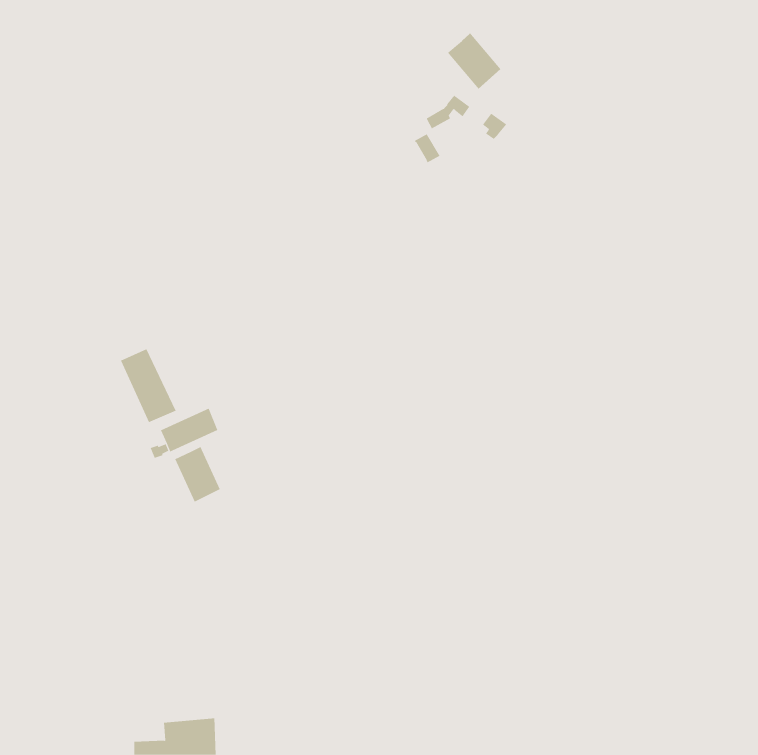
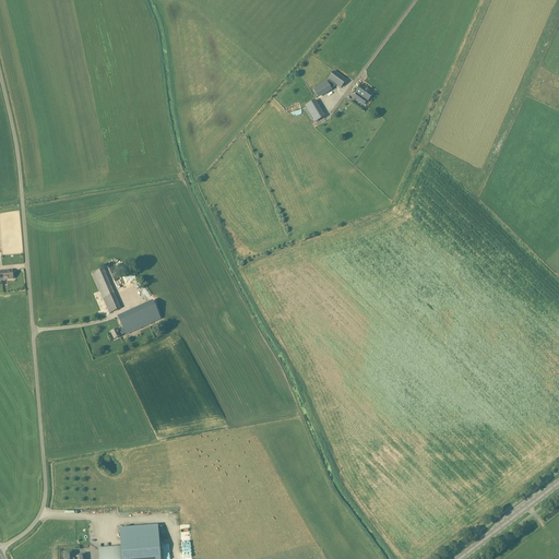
building: [447,32,501,90] -> none
building: [175,446,221,503] -> none

